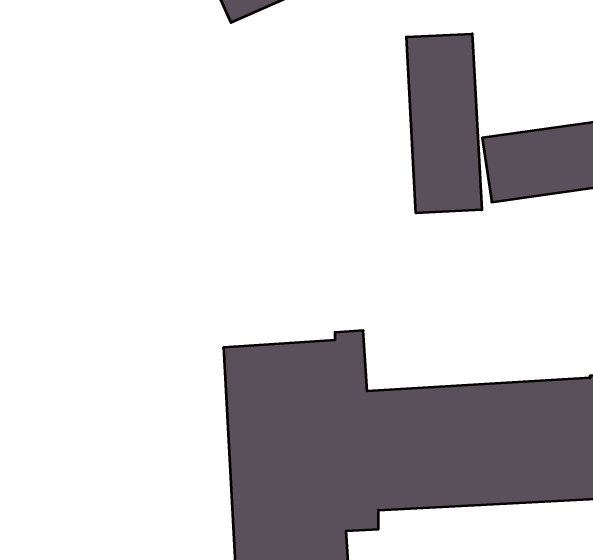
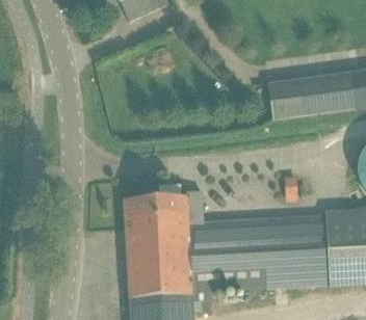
building: [406,34,482,213] -> none

